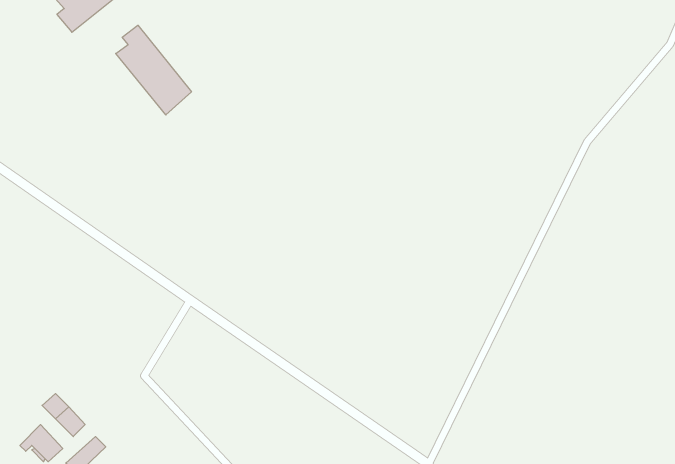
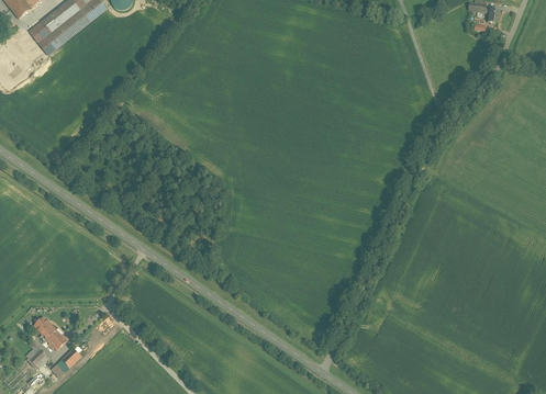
building: [116,25,191,115] -> none

